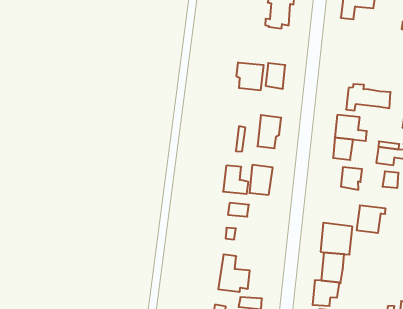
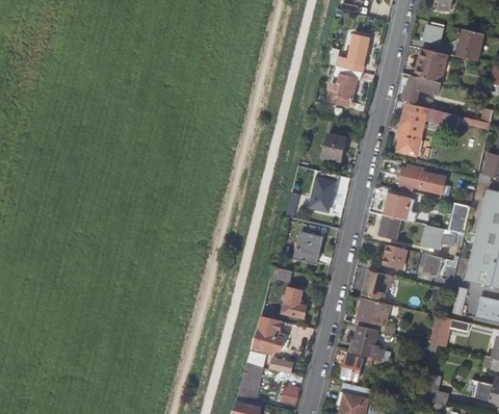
building: none -> [396,104,457,153]
building: [237,62,264,90] -> none
building: [223,166,248,194] -> [281,288,307,318]
building: [357,205,386,233] -> [362,270,393,300]

